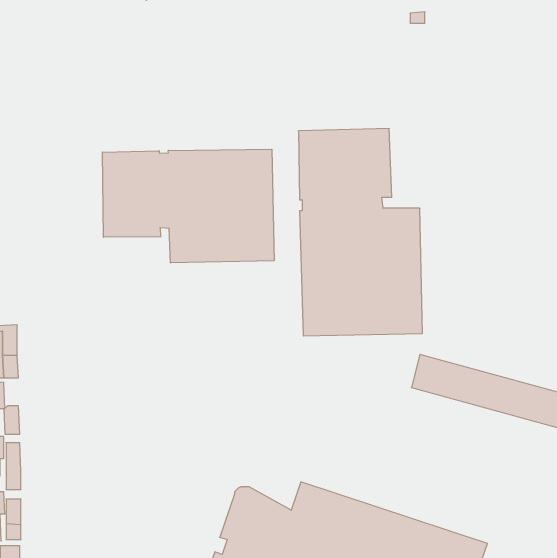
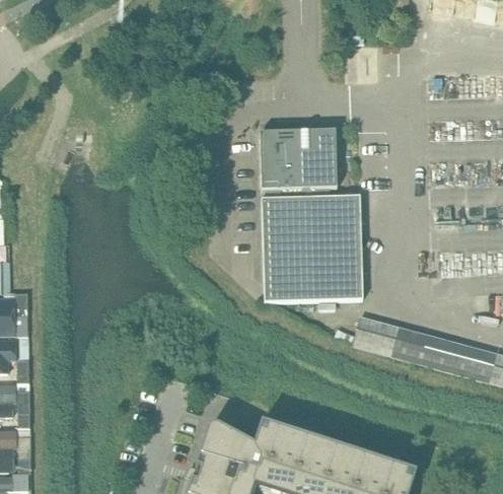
building: [102,149,274,263] -> none

